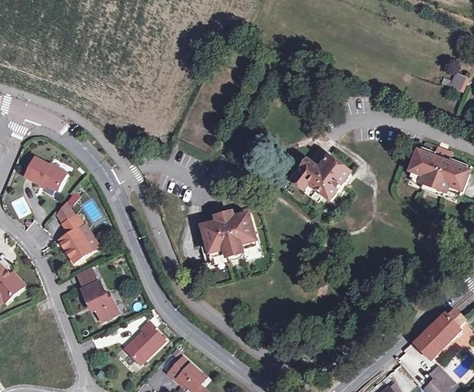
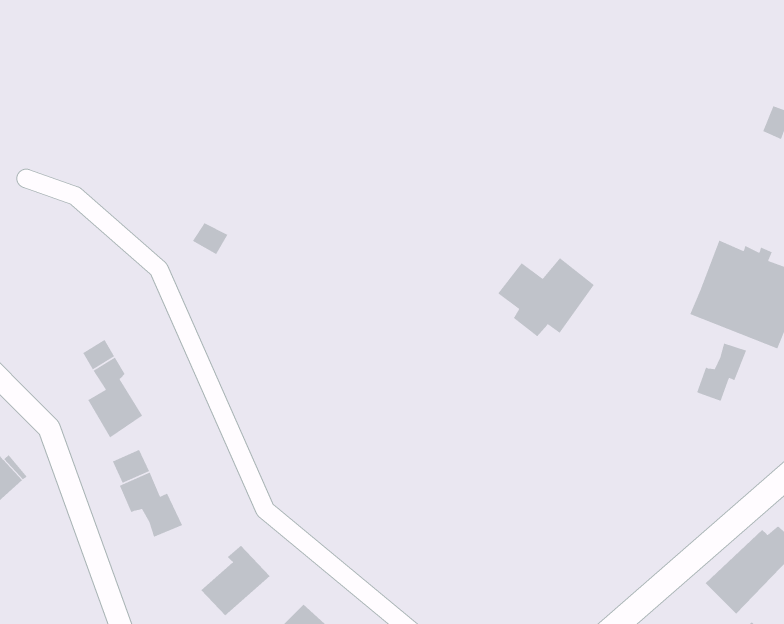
building: [26,156,65,186] -> none
building: none -> [696,343,747,402]
building: [200,212,261,274] -> none

